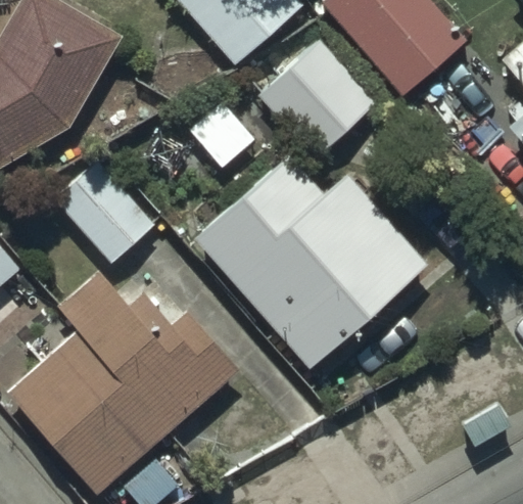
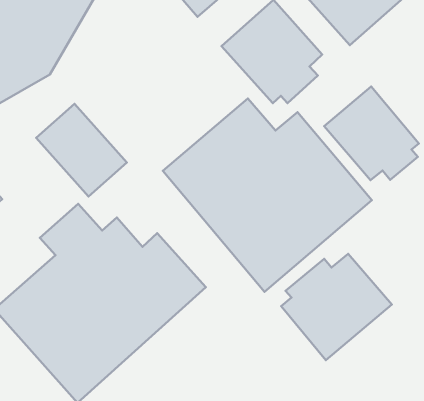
building: none -> [324,86,419,180]
building: none -> [281,254,392,360]

